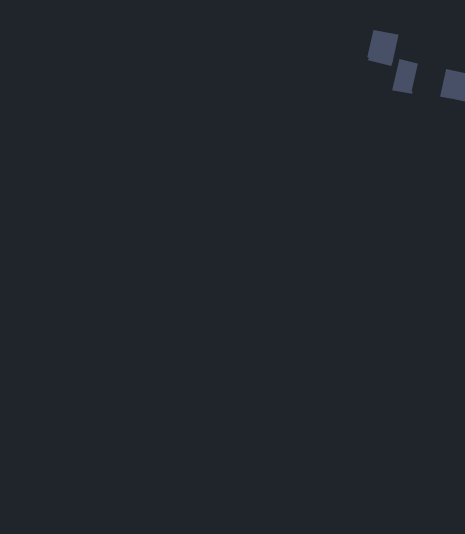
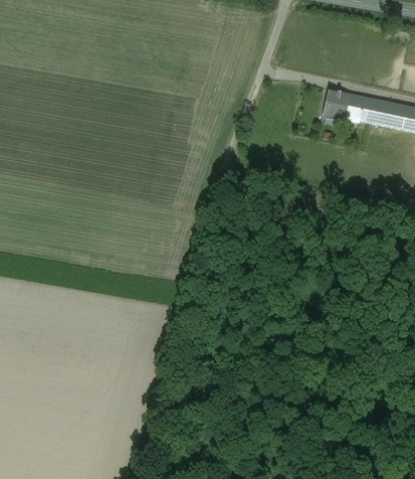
building: [367,29,399,67] -> [340,93,366,123]

